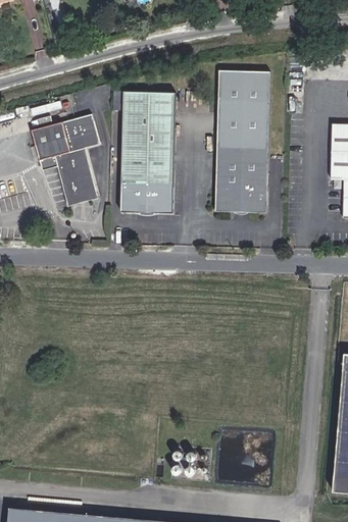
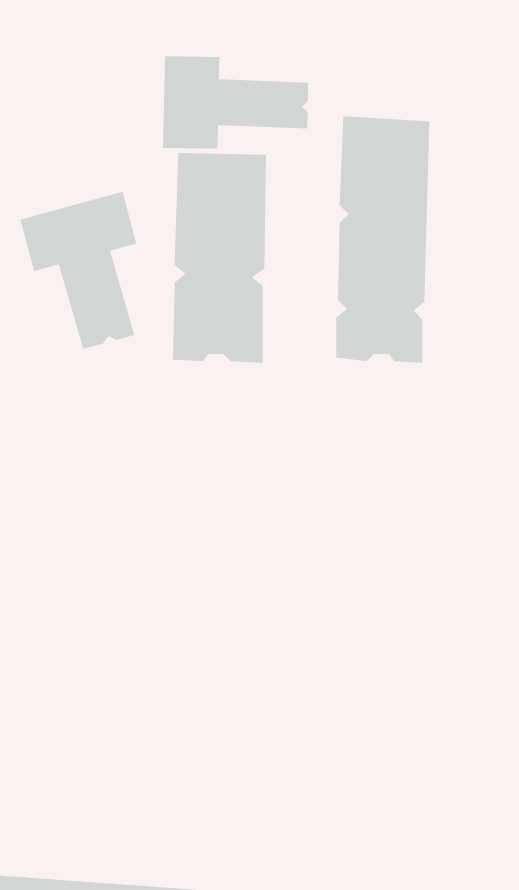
building: none -> [162,55,309,150]

